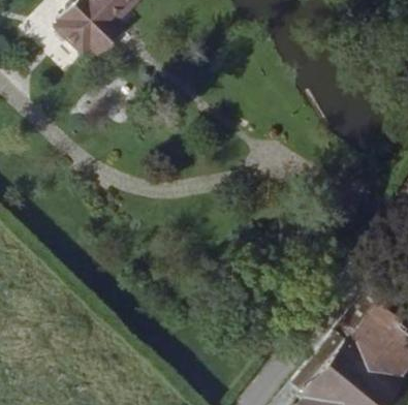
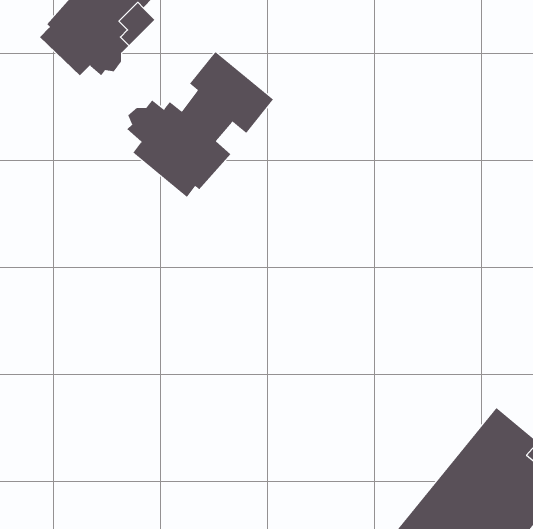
building: none -> [126,51,274,198]

